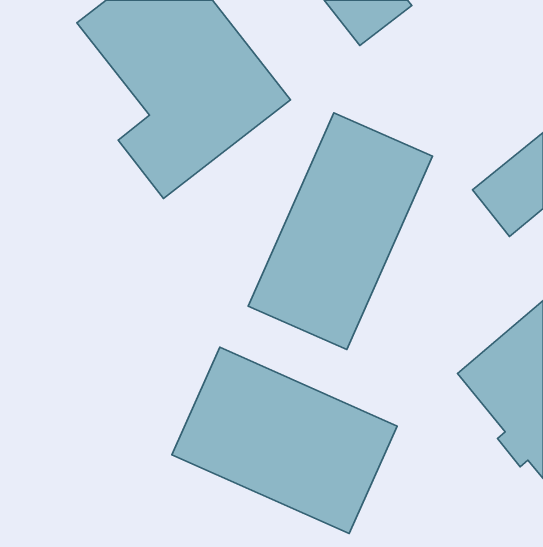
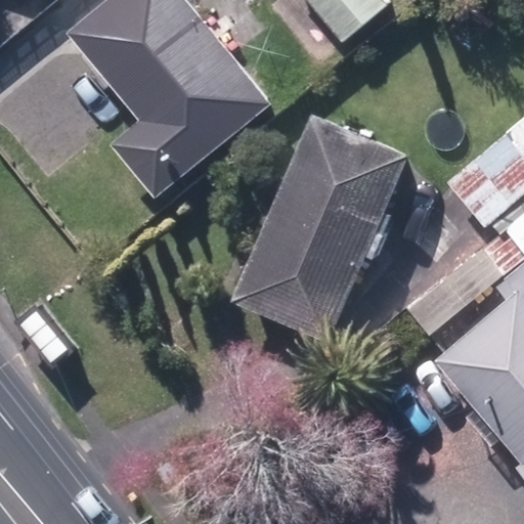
building: [172,347,397,534] -> none

